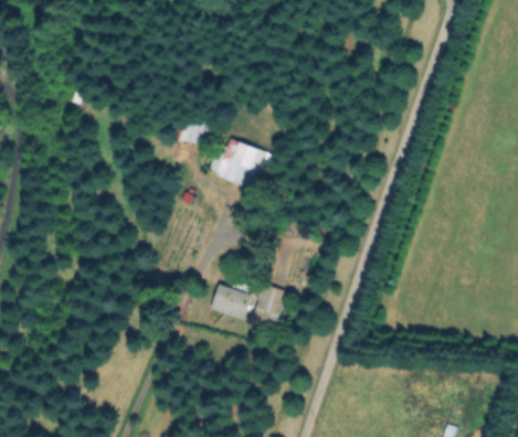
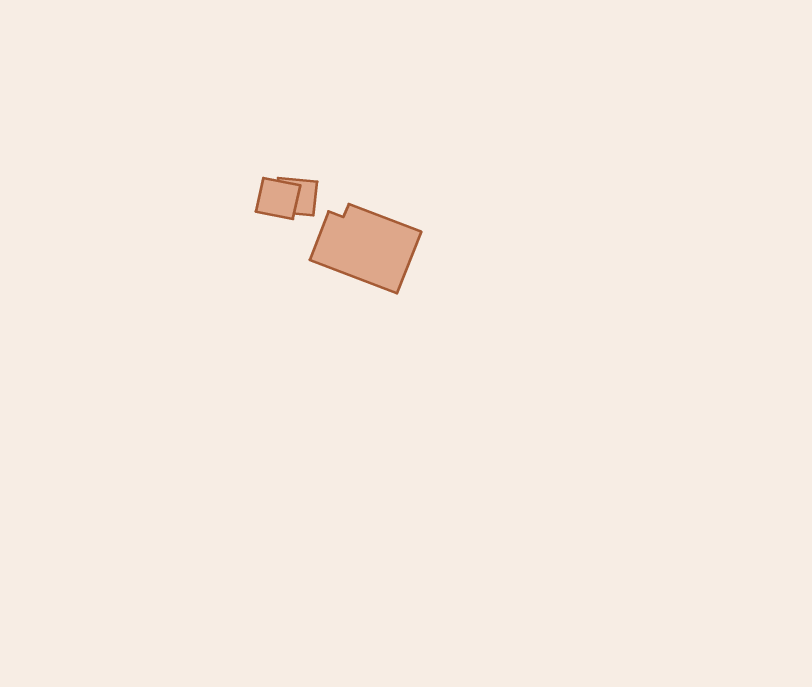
building: [252,283,286,324] -> none
building: [211,284,252,319] -> none

